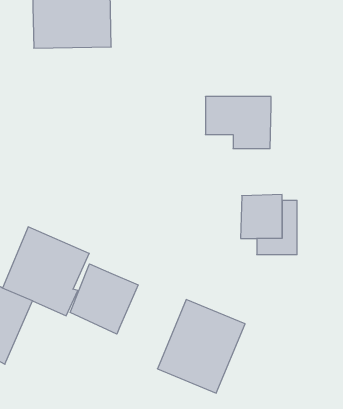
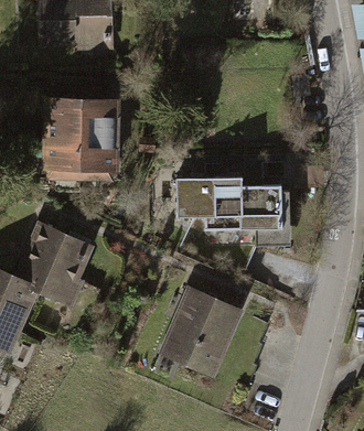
building: [205,97,271,149] -> [176,180,239,229]
building: none -> [44,98,117,182]
building: [70,264,138,334] -> none

